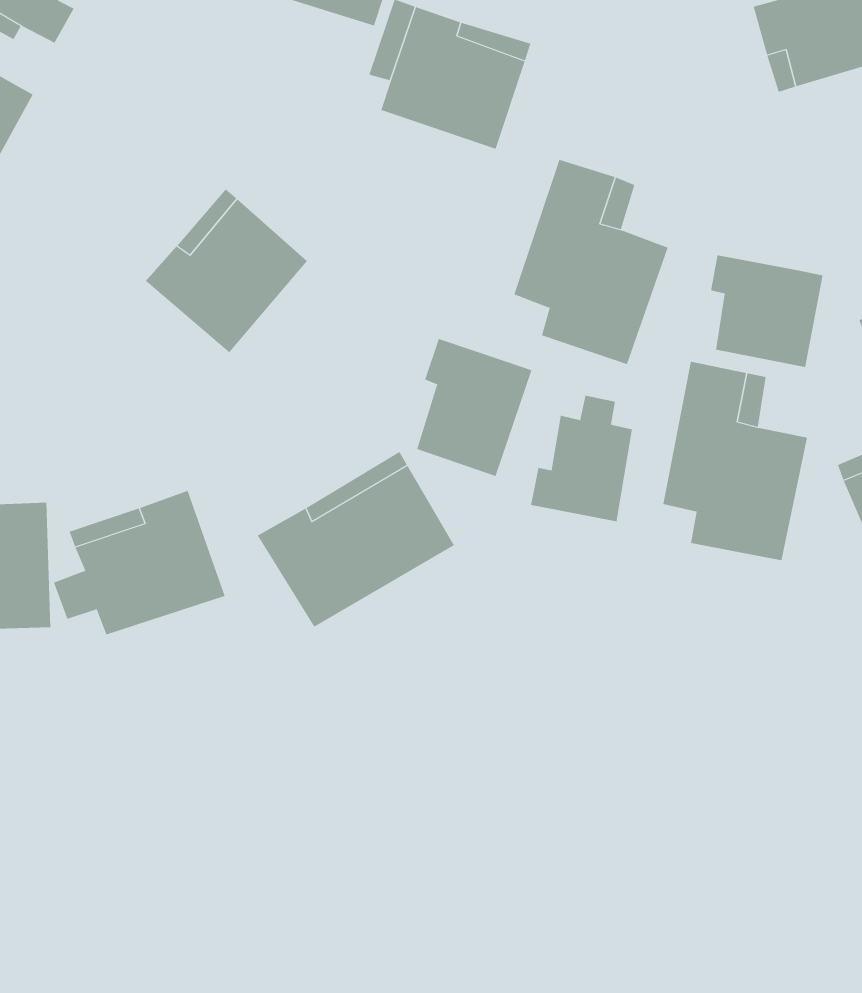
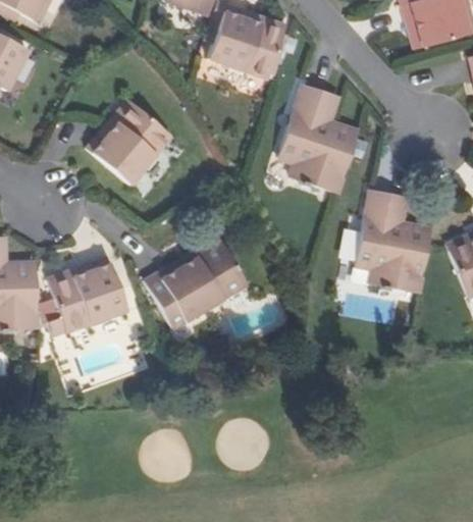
building: [711,254,823,368] -> none
building: [417,338,532,477] -> none
building: [531,395,632,522] -> none

